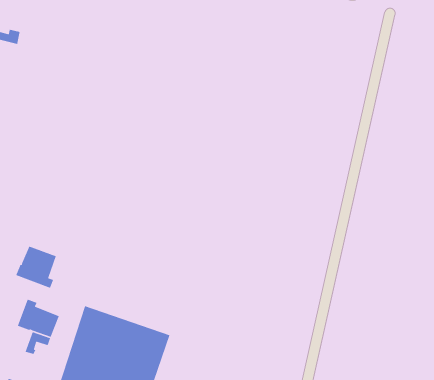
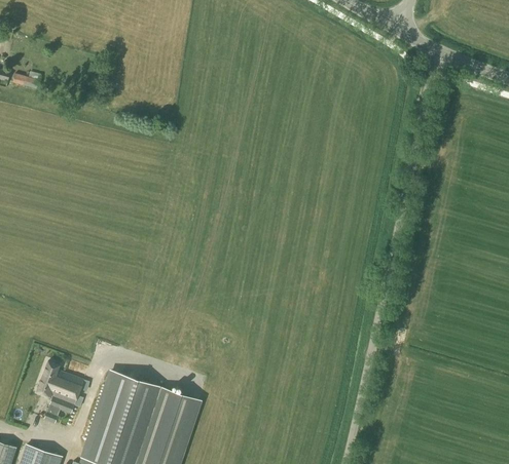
building: [15,245,57,289] -> none

